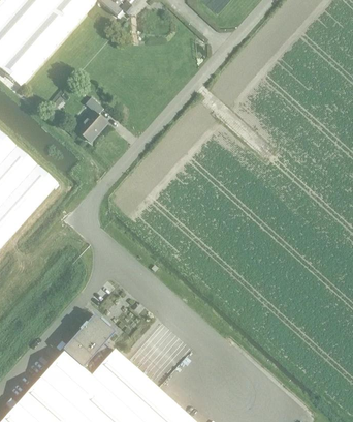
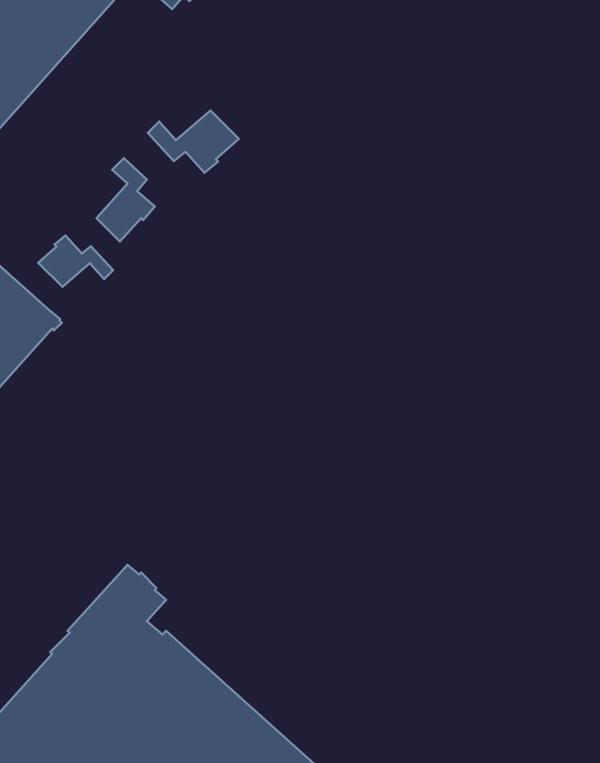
building: none -> [148,110,239,173]
building: none -> [38,236,113,287]

